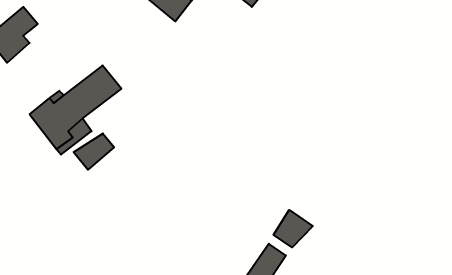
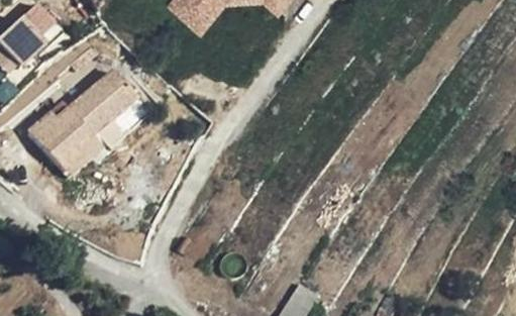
building: [74,133,114,170] -> none
building: [274,210,313,247] -> none

